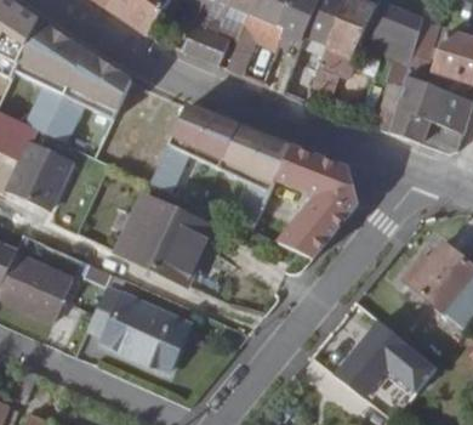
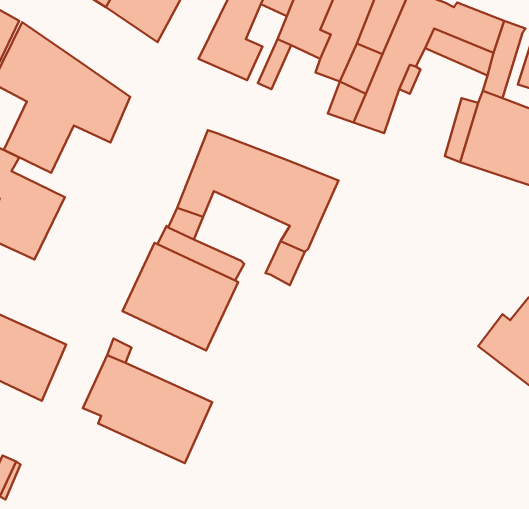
building: [277,147,358,259] -> none
building: [335,321,437,397] -> none

